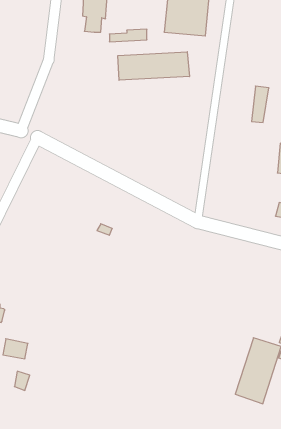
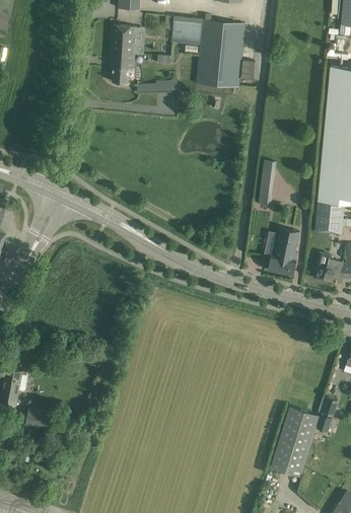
building: [118,52,189,80] -> none
building: [252,86,269,122] -> [259,166,277,205]
building: none -> [268,228,299,276]

